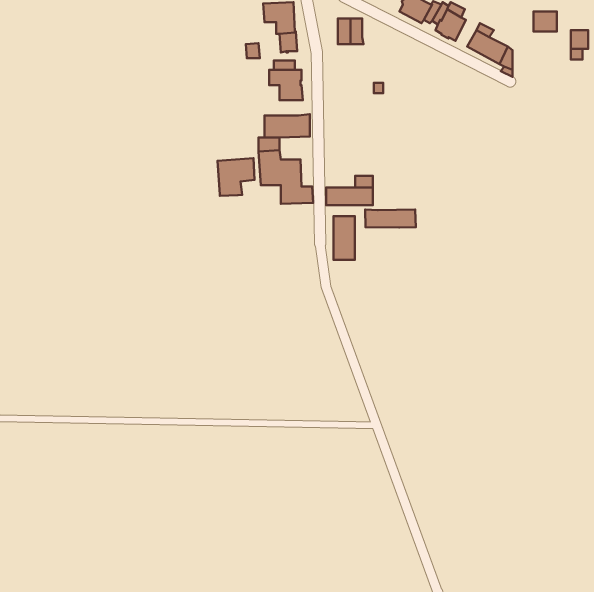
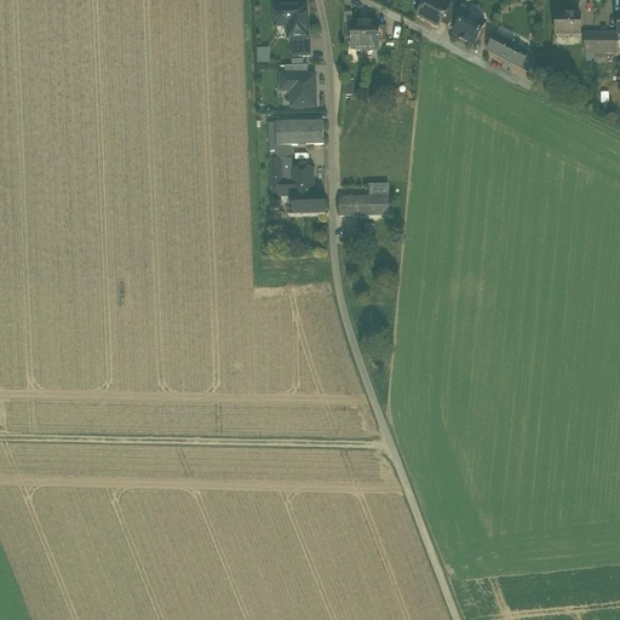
building: [217,158,254,196] -> none
building: [365,209,416,227] -> none
building: [334,216,355,260] -> none

